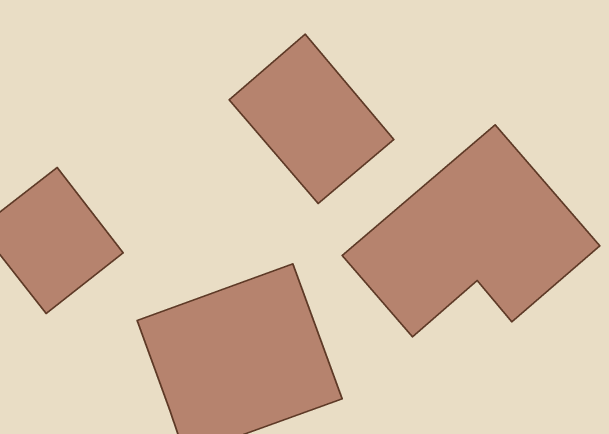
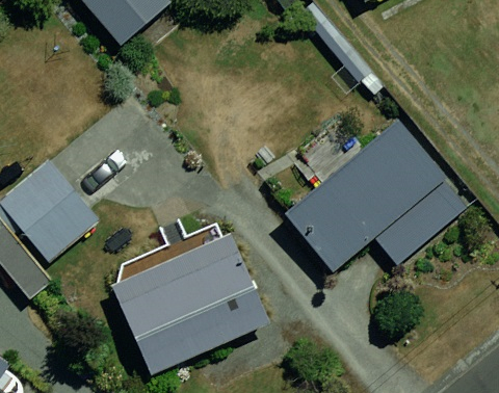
building: [229,34,394,203] -> none

